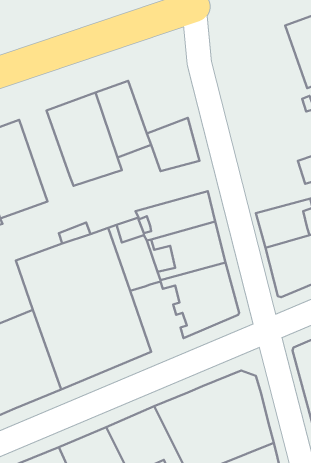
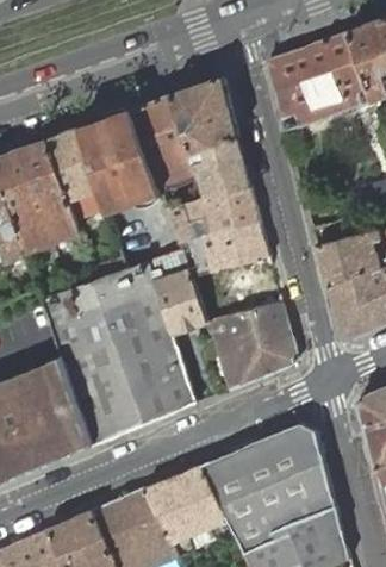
building: none -> [266,32,372,131]
building: none -> [169,77,237,155]
building: none -> [45,129,102,208]
building: none -> [167,186,260,243]

